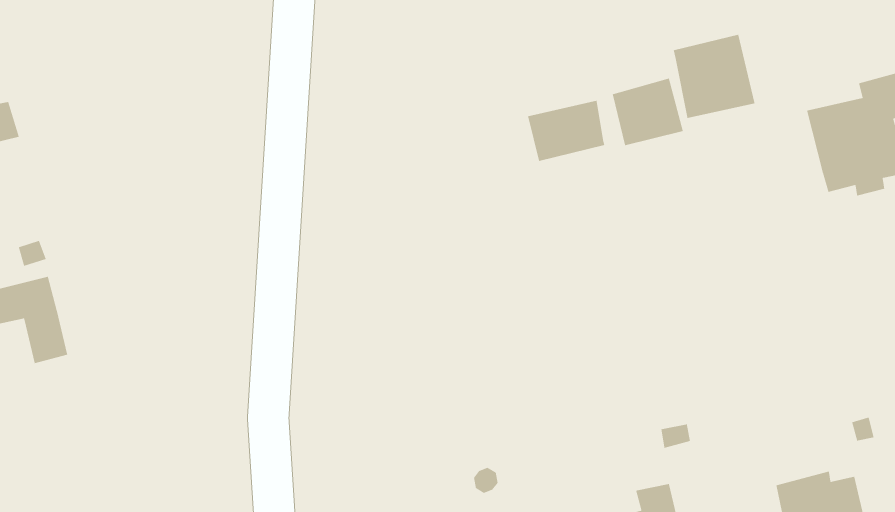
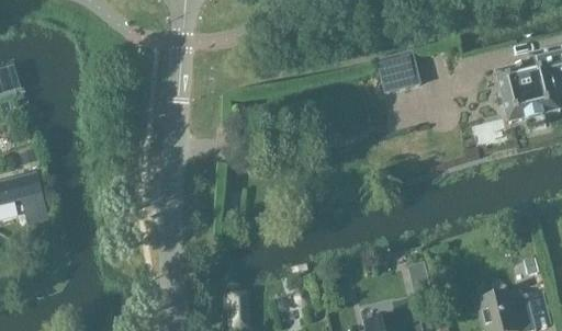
building: [673,34,756,119] -> none
building: [527,100,605,162] -> none

